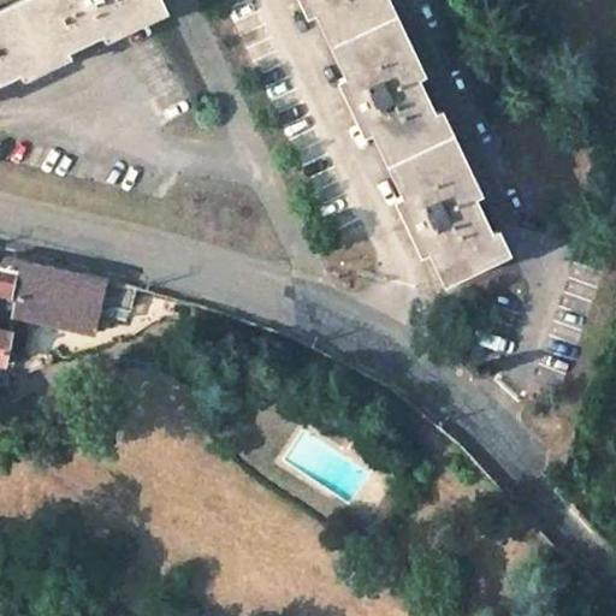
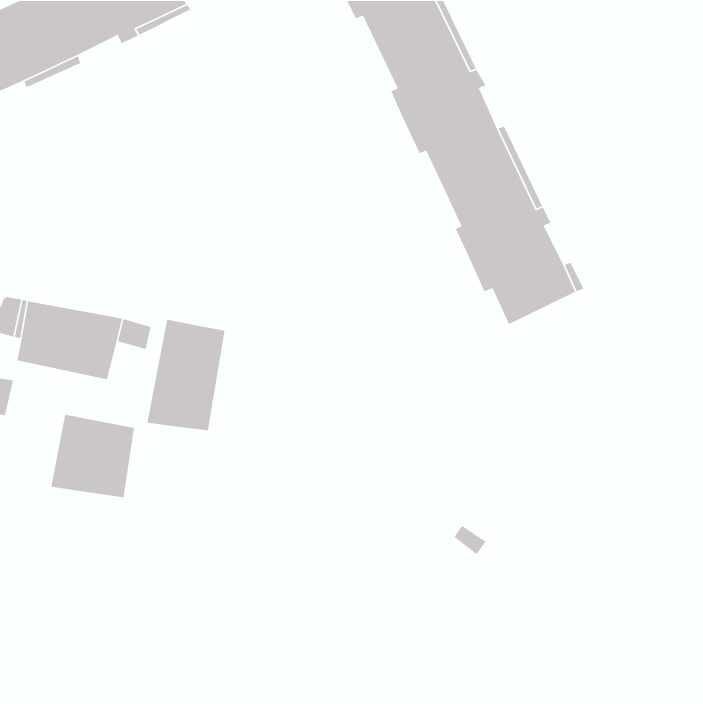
building: none -> [147,319,225,431]
building: none -> [51,414,135,498]

